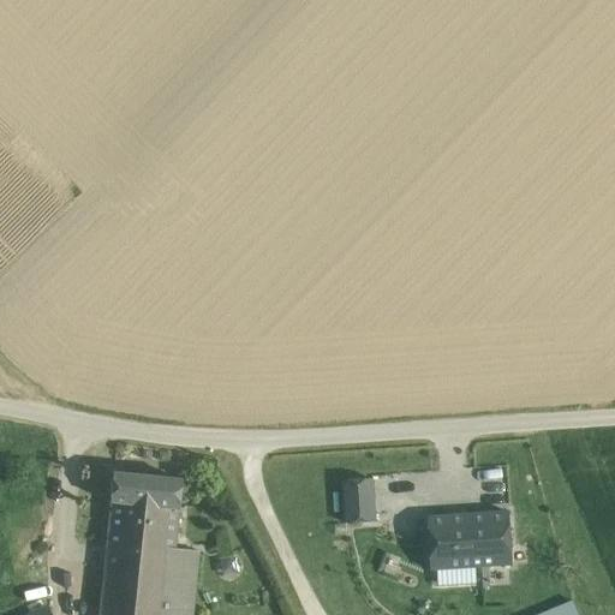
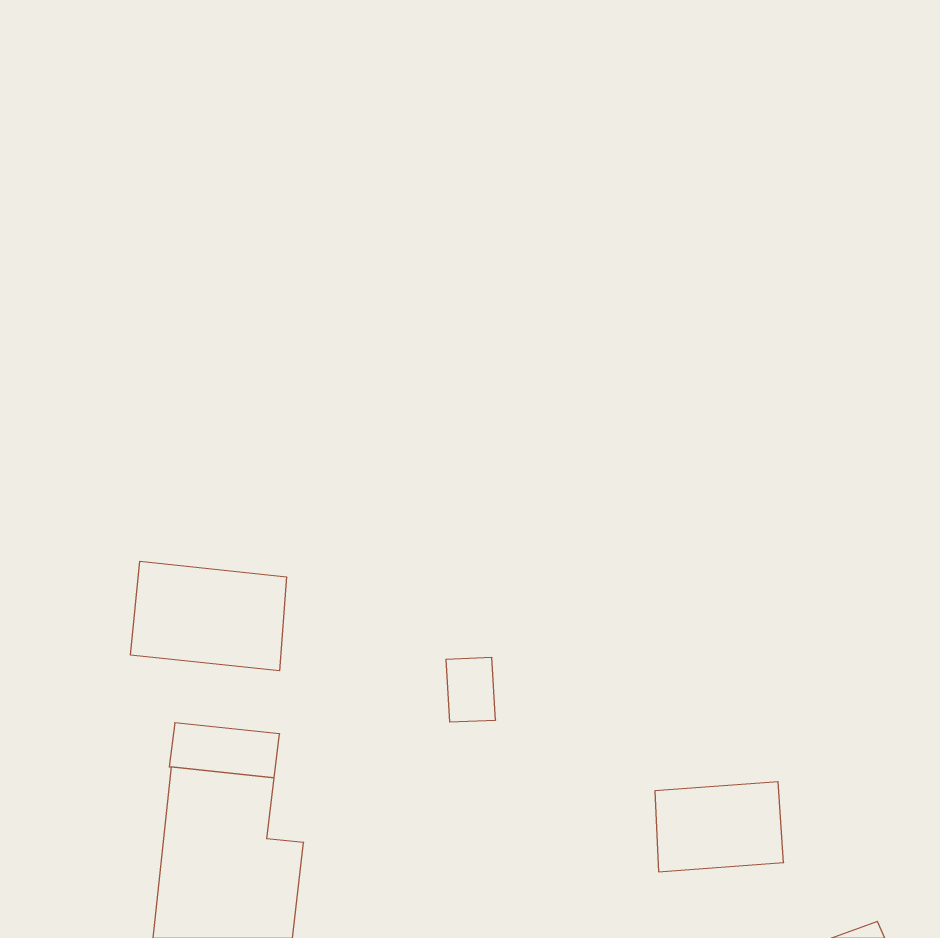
building: none -> [131,561,287,671]
building: [342,479,375,521] -> [446,658,496,722]

